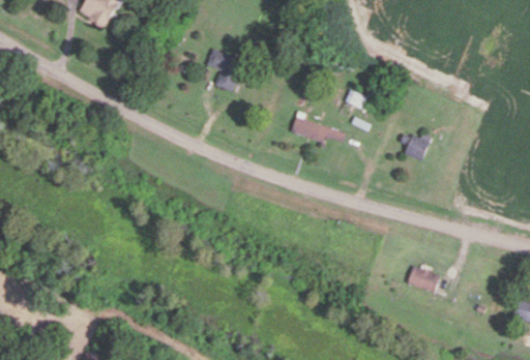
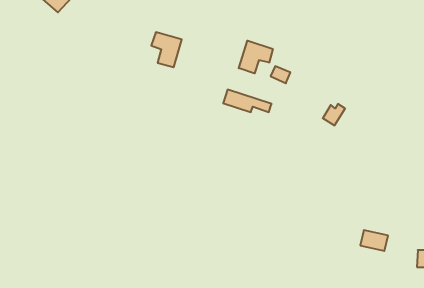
building: none -> [239,41,273,73]
building: [407,268,439,292] -> [360,230,388,251]

